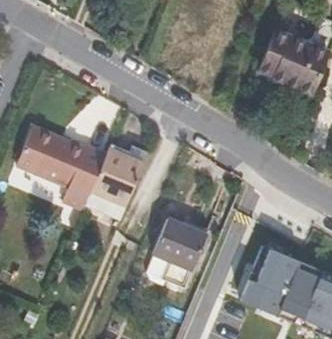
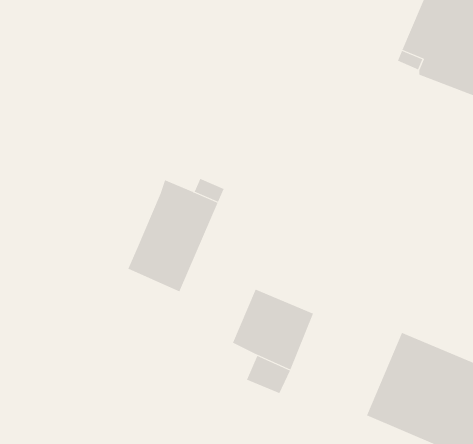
building: [15,126,105,209] -> none

